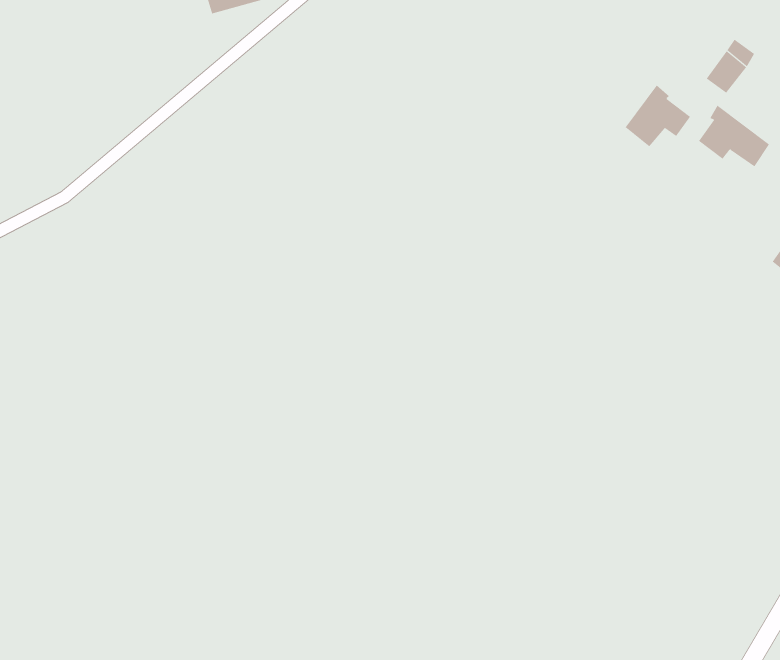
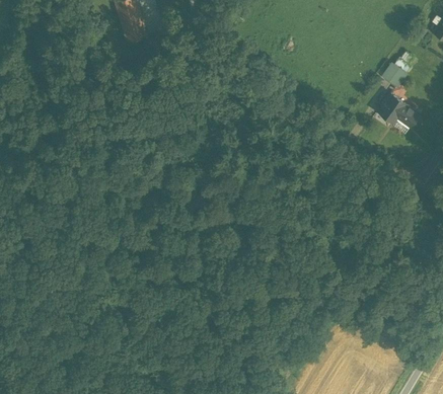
building: [625,85,691,147] -> none

